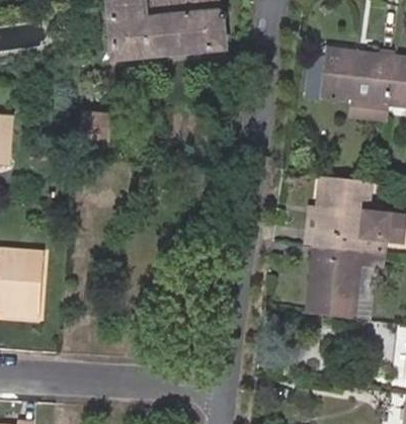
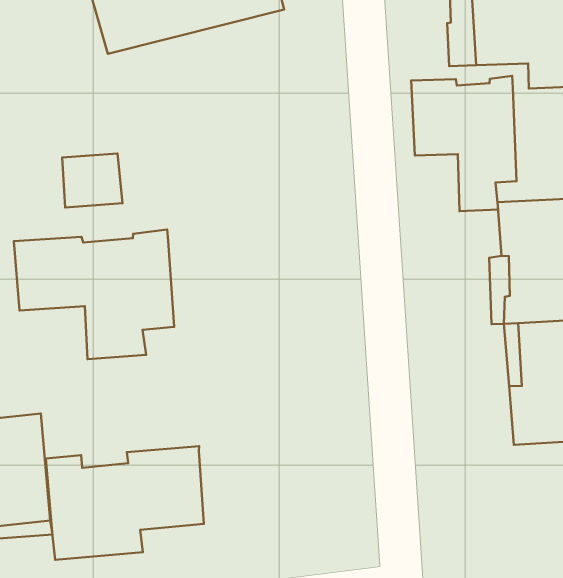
building: none -> [411,76,516,211]
building: none -> [14,230,174,359]
building: none -> [46,446,204,560]

